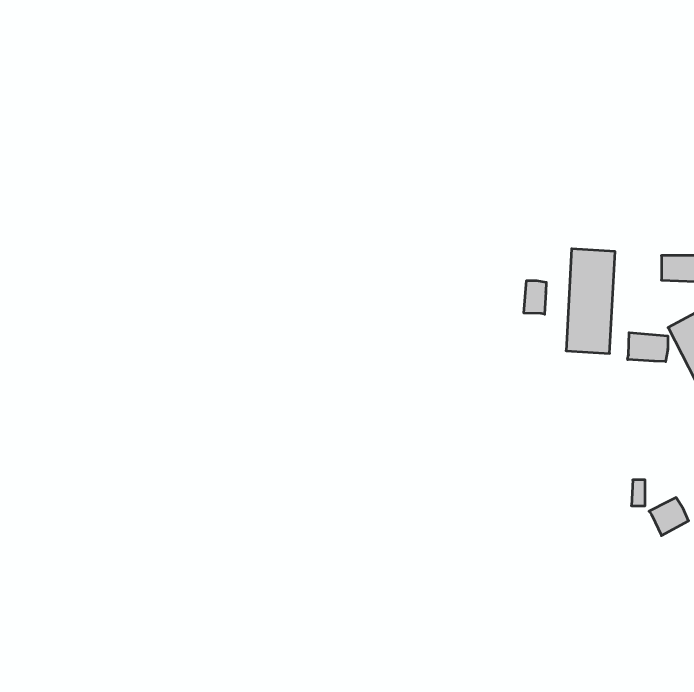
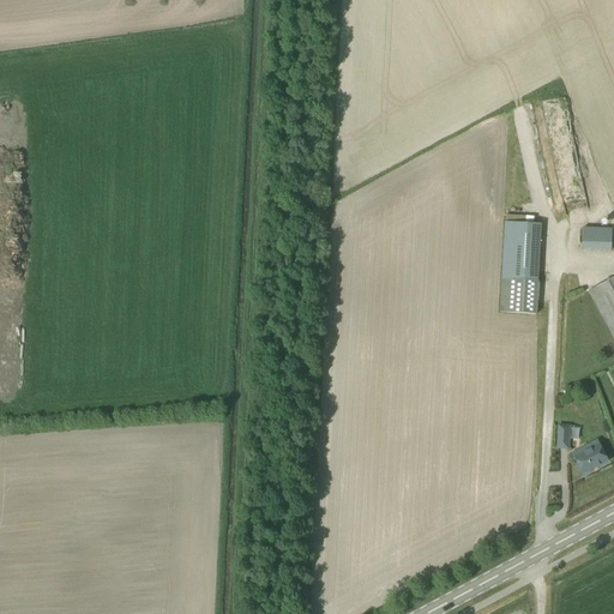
building: [524,281,546,314] -> none
building: [628,333,668,362] -> none

